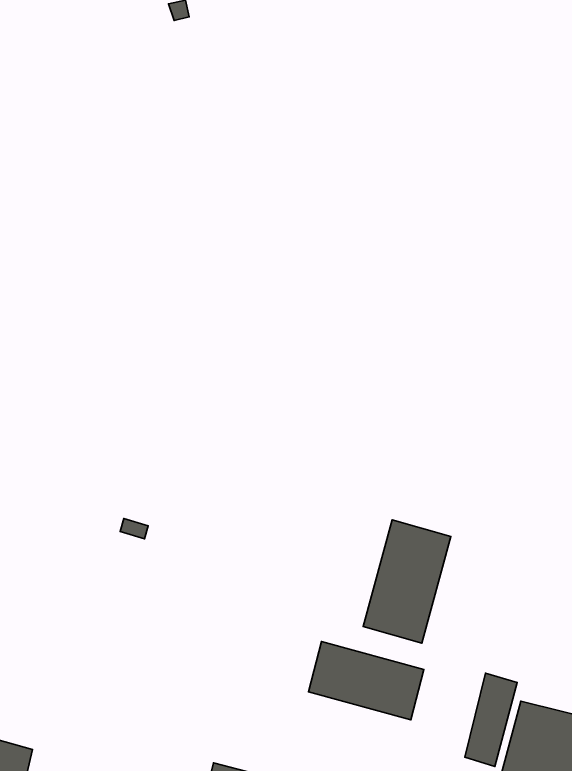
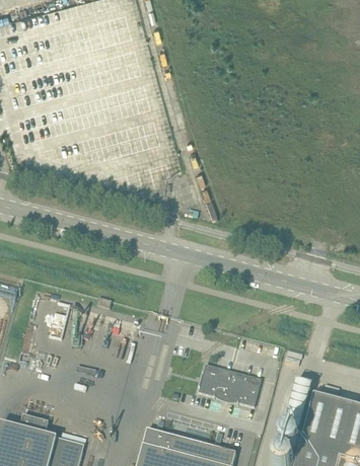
building: [363,520,451,643] -> none

